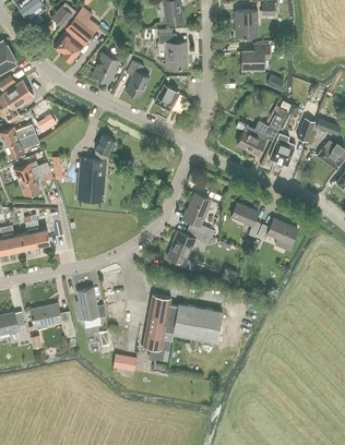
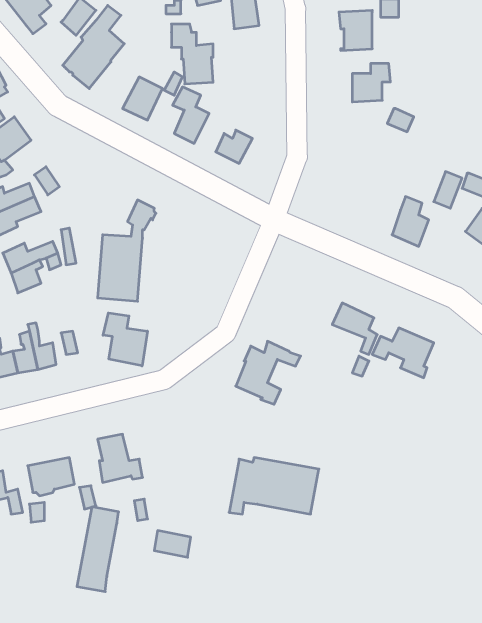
building: [159,29,187,69] -> [171,24,213,84]
building: [236,108,287,155] -> none
building: [182,194,214,239] -> none
building: none -> [103,313,147,366]
building: [143,294,170,350] -> [77,507,119,592]

